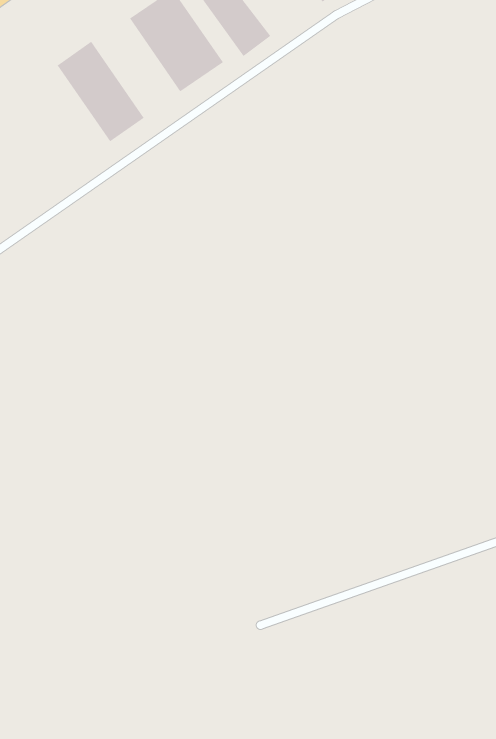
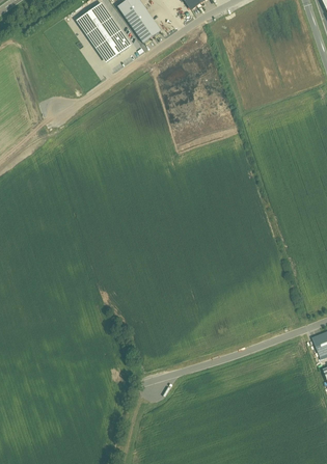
building: [57,41,144,142] -> none

